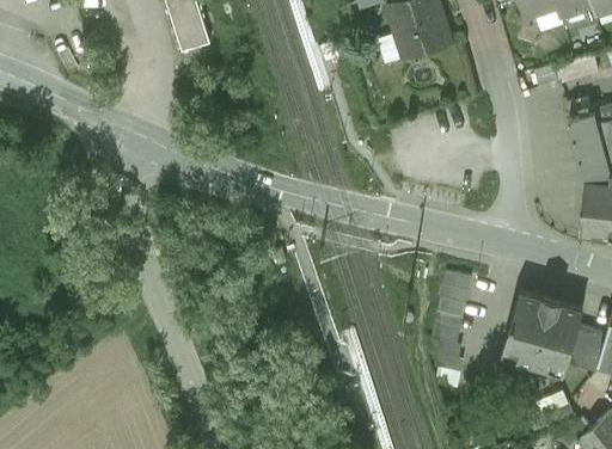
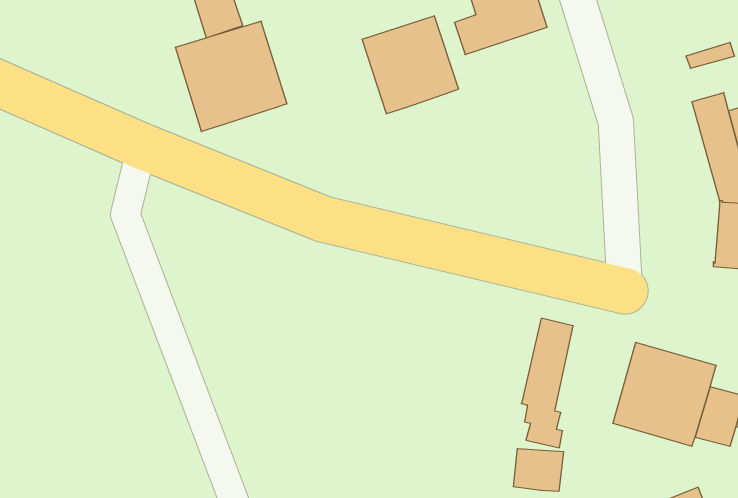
building: none -> [362,16,458,114]
building: none -> [176,21,287,132]
building: none -> [513,448,563,491]

